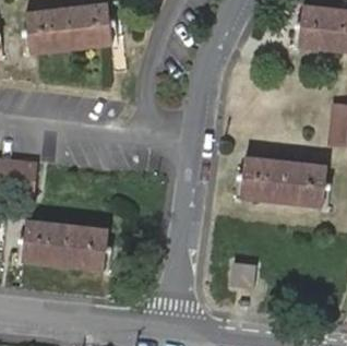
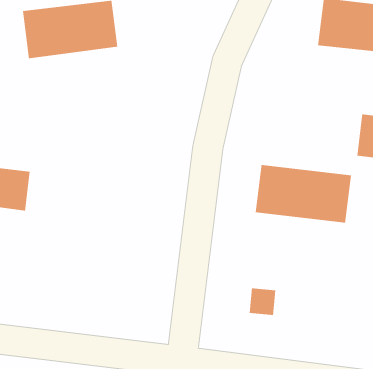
building: [17,216,106,266] -> none

